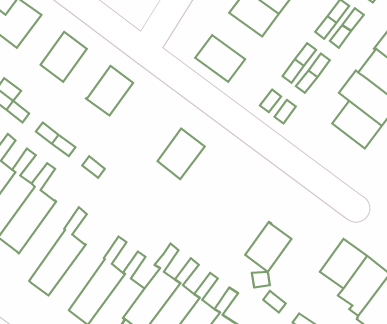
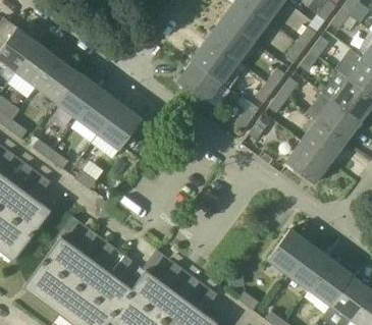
building: none -> [193,41,237,83]
building: none -> [16,43,59,88]
building: none -> [58,73,101,118]
building: none -> [285,141,330,183]
building: [157,128,205,179] -> [100,104,143,150]
building: none -> [45,229,98,309]
building: [245,222,291,272] -> [269,229,311,274]

